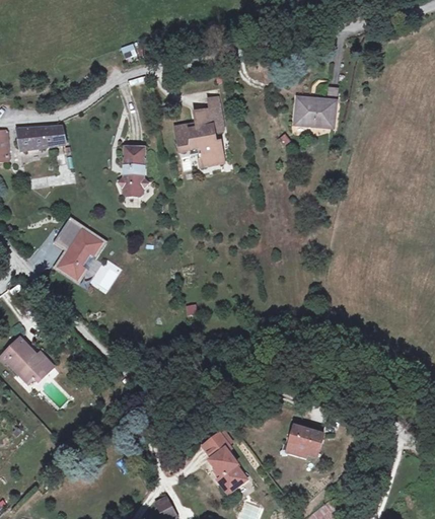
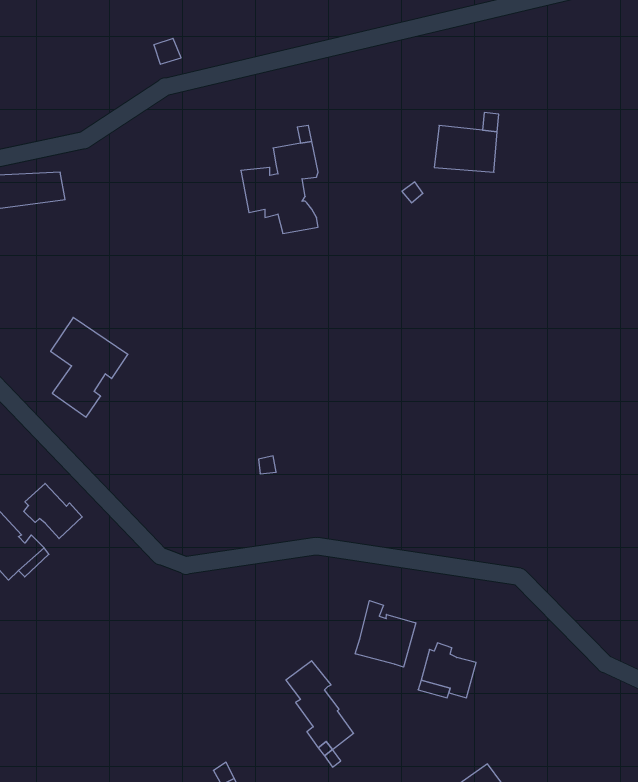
building: [119,145,148,195] -> none
building: none -> [24,483,82,539]
building: none -> [355,601,416,667]

